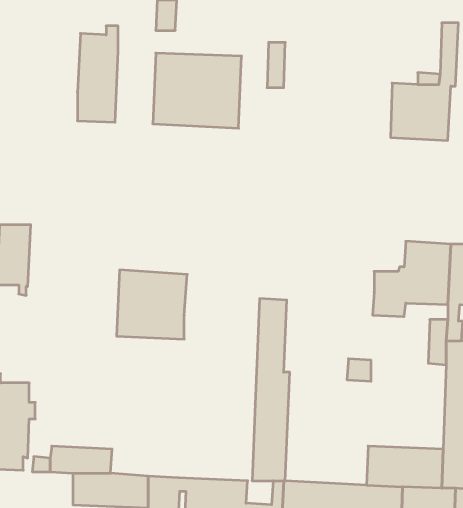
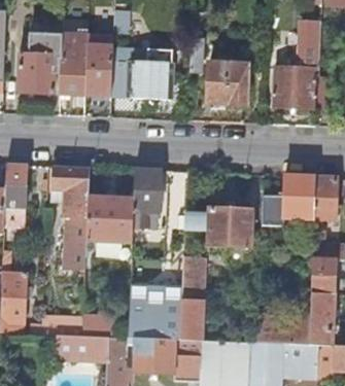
building: none -> [16,34,62,95]
building: none -> [85,46,113,96]
building: none -> [208,63,249,104]
building: none -> [54,167,90,246]
building: none -> [133,170,160,227]
building: none -> [208,209,263,255]
building: none -> [129,285,181,340]

